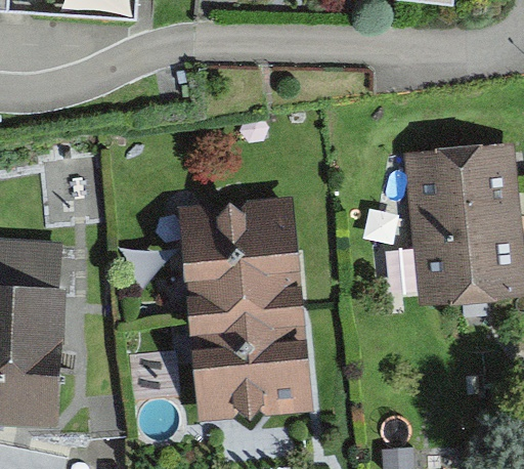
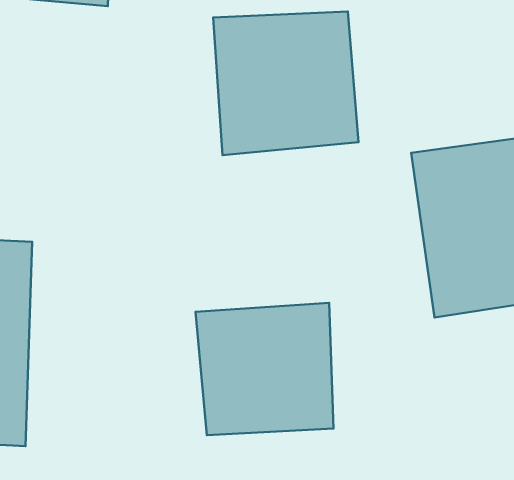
building: none -> [213,11,359,155]
building: [193,194,322,302] -> none

